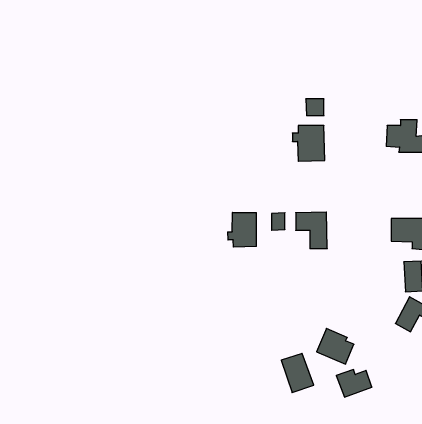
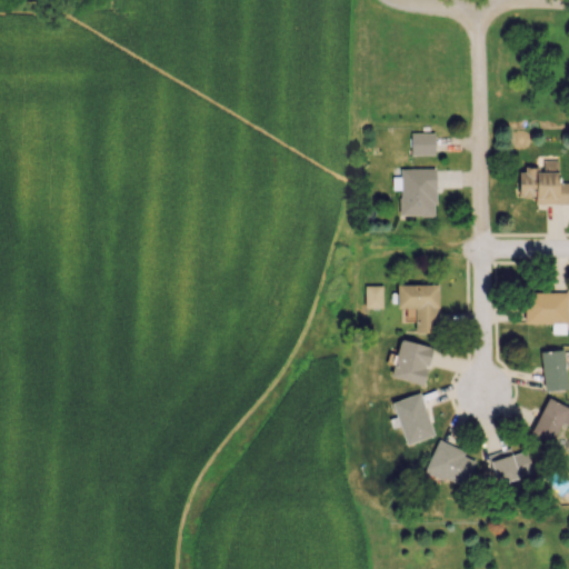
building: [228,212,256,247] -> none
building: none -> [393,340,435,386]
building: [281,353,314,393] -> [393,393,437,446]
building: [336,370,372,397] -> [489,449,537,486]

